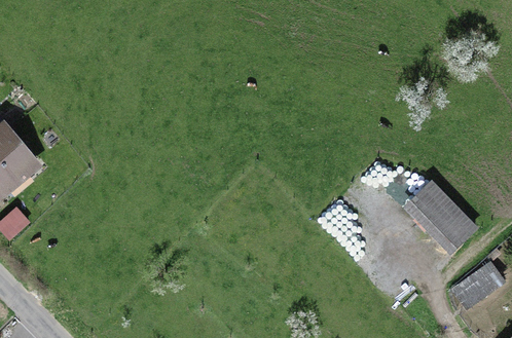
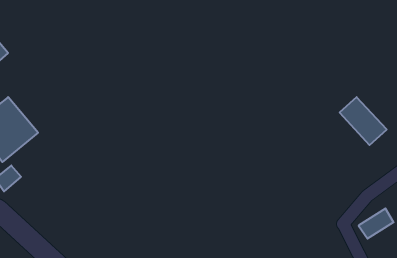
building: [408,185,468,246] -> [340,97,387,145]

